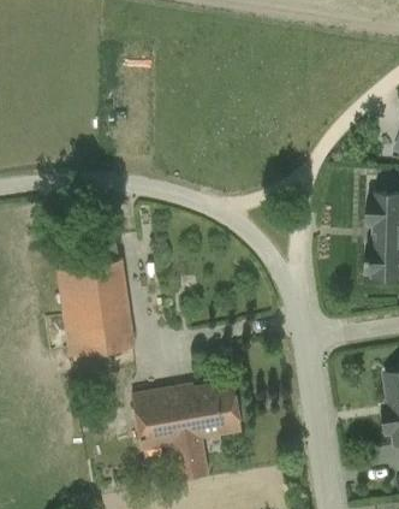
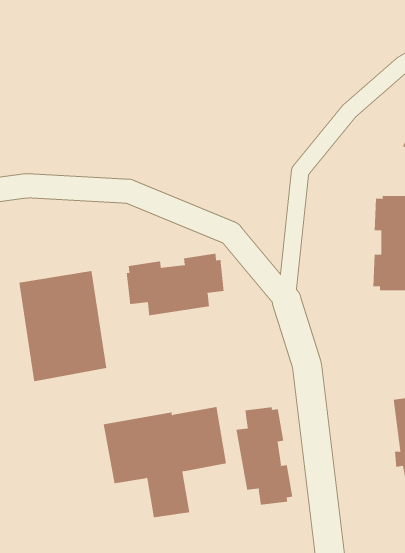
building: none -> [126,253,224,316]
building: none -> [236,407,293,506]

